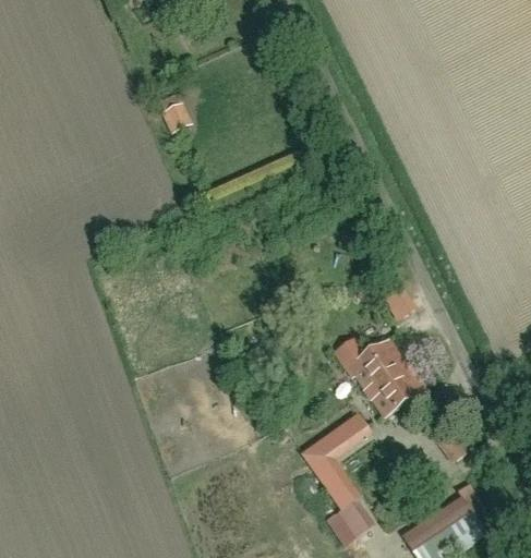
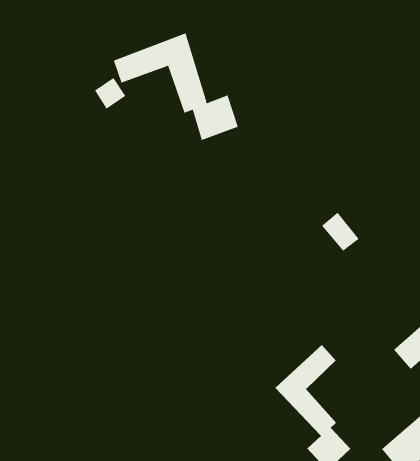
building: none -> [113,32,238,141]
building: [333,335,423,415] -> none

